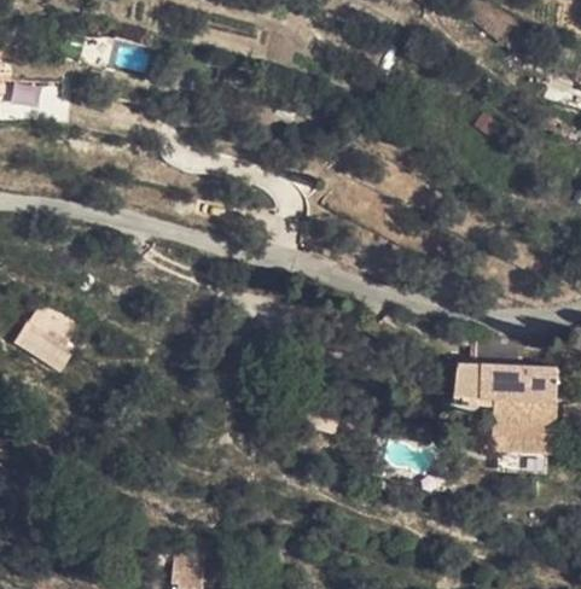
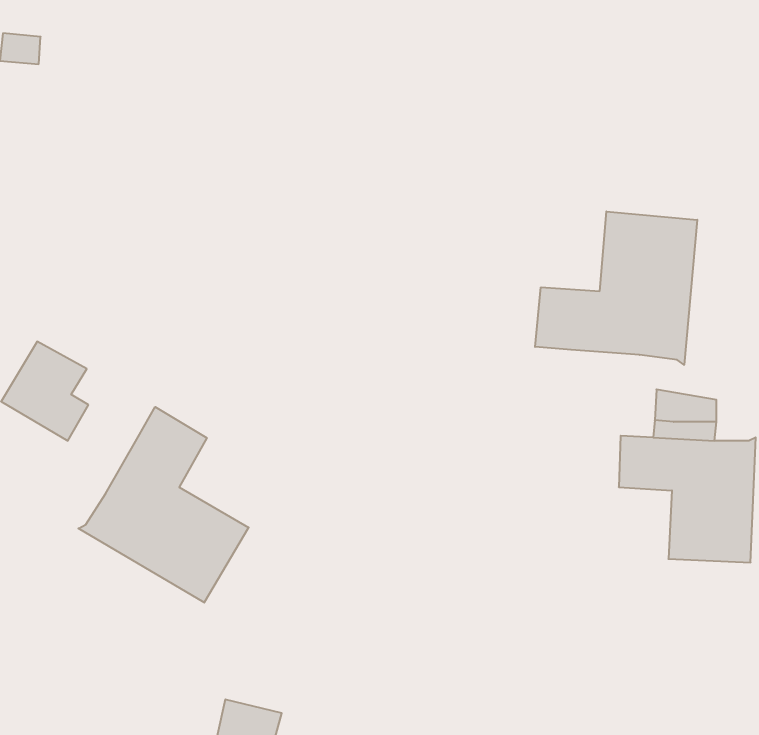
building: none -> [535,211,697,365]
building: none -> [78,407,249,603]

